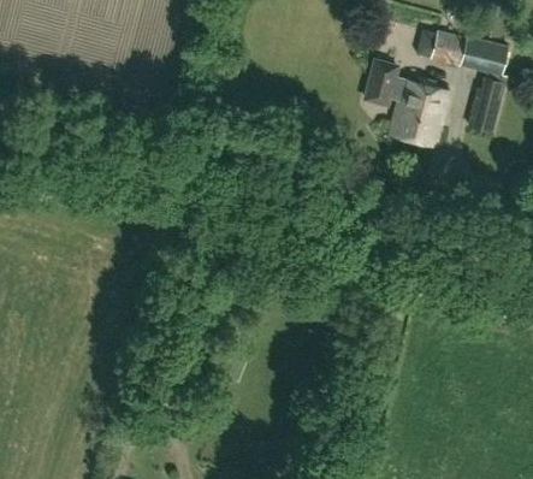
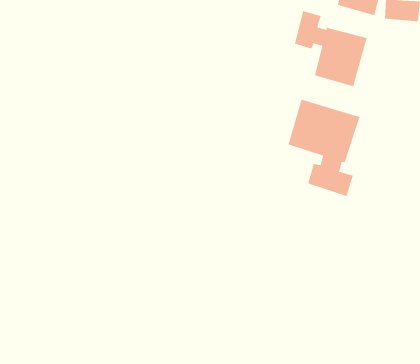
building: [467,89,499,129] -> none
building: none -> [288,99,360,197]

